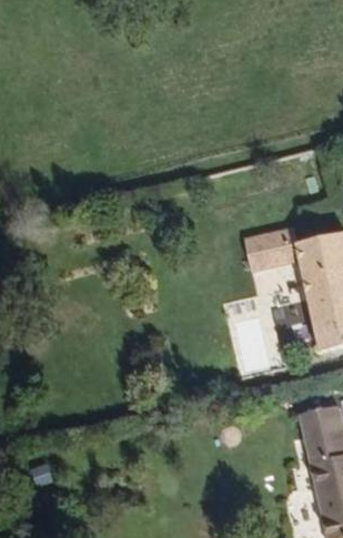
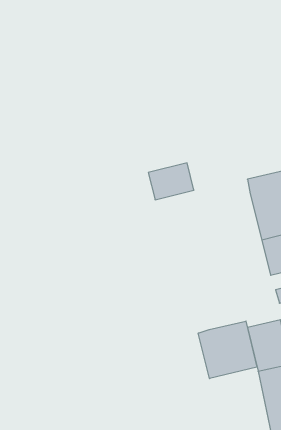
building: [248,229,300,271] -> [148,163,194,200]
building: none -> [198,321,257,379]

